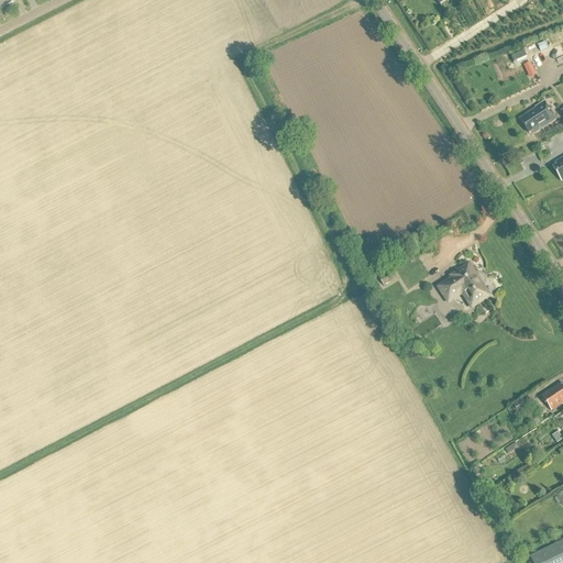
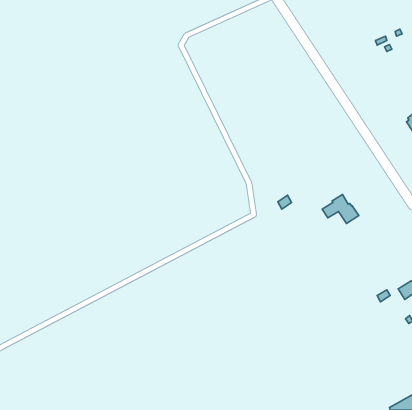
building: [521,100,556,132] -> none

